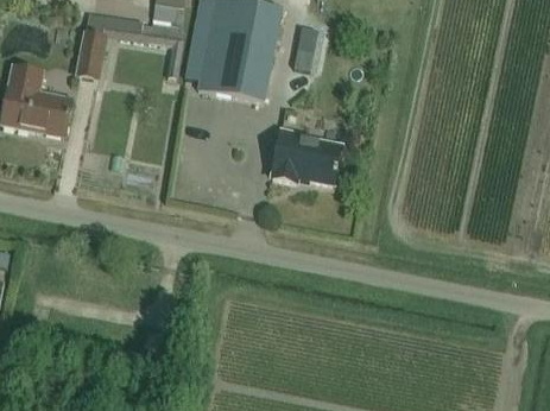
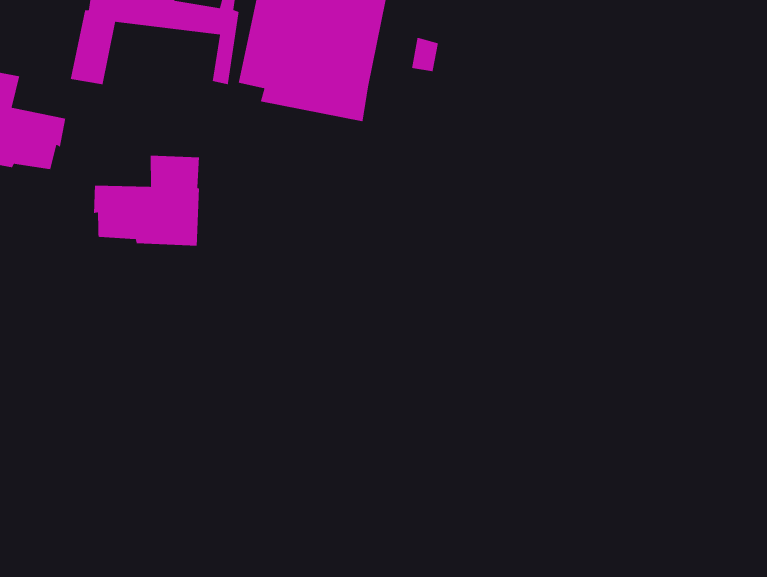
building: none -> [93,155,200,246]
building: [272,133,340,183] -> none

